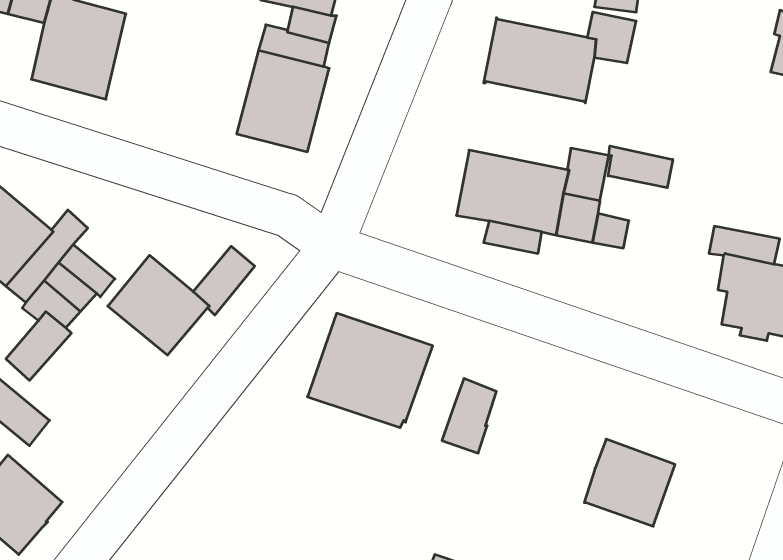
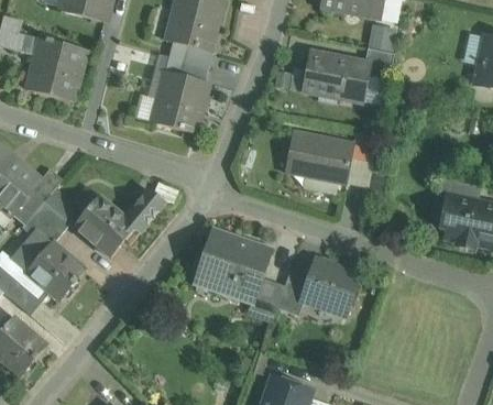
building: [608,146,673,188] -> none
building: none -> [25,241,83,298]
building: none -> [248,277,283,316]
building: [584,439,675,526] -> [302,260,357,313]

